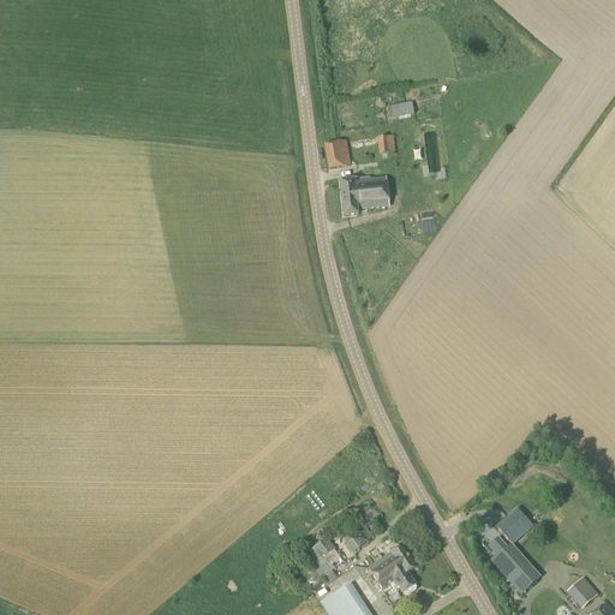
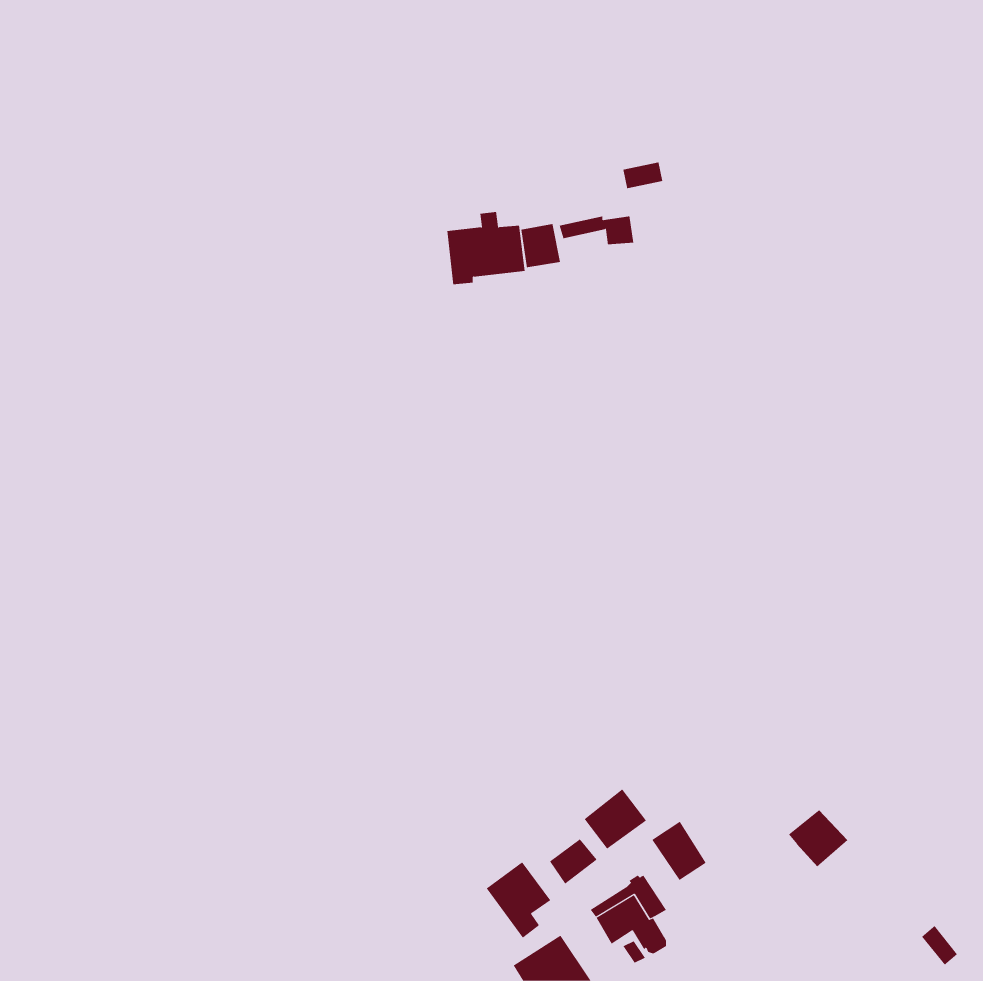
building: [341,168,390,214] -> [447,212,526,285]
building: none -> [584,789,647,850]
building: none -> [651,821,707,881]
building: [494,545,539,593] -> none

